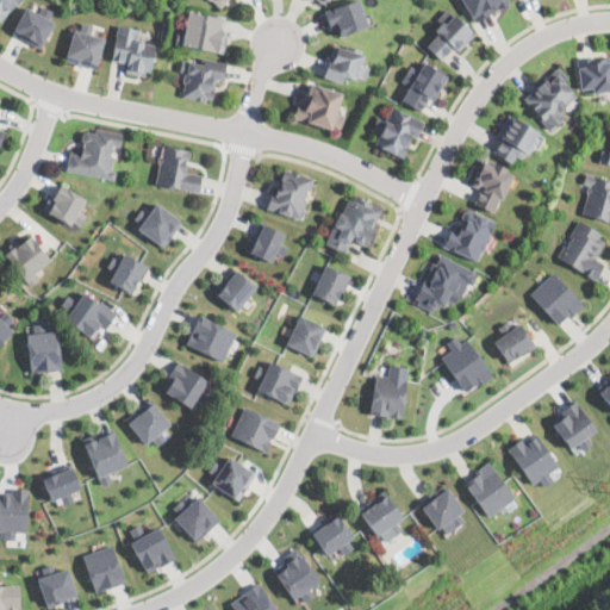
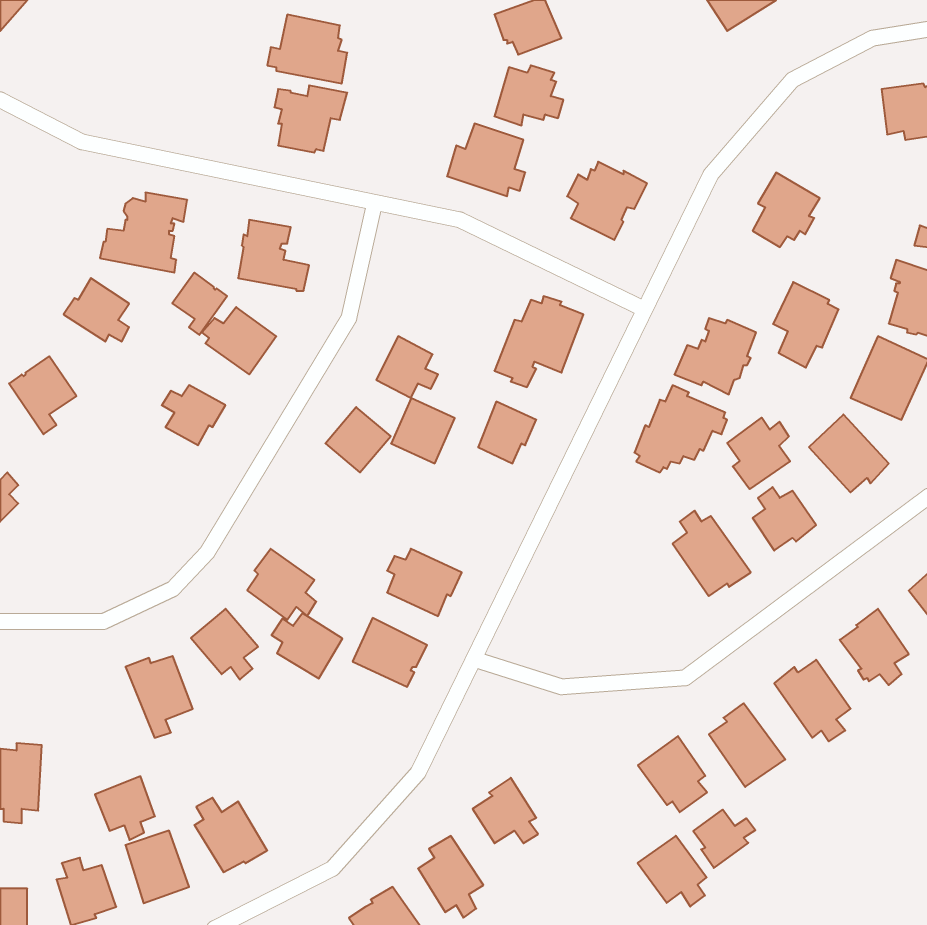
building: [12,7,54,49] -> none
building: [428,8,477,62] -> none
building: [64,24,105,71] -> none
building: [112,25,157,77] -> none
building: [403,62,449,113] -> none
building: [525,67,578,131] -> none
building: [472,158,515,214] -> [773,282,839,368]
building: [268,170,316,220] -> none
building: none -> [172,273,227,335]
building: none -> [727,418,790,489]
building: [60,294,118,340] -> none
building: [287,316,329,359] -> [391,398,455,463]
building: [187,317,236,362] -> none
building: [27,324,62,374] -> none
building: [369,366,409,419] -> none
building: [208,459,255,502] -> [271,613,342,679]
building: [42,465,81,506] -> [95,776,155,840]
building: [359,492,404,539] -> [638,836,707,907]
building: [173,497,220,543] -> none
building: none -> [693,810,755,868]

